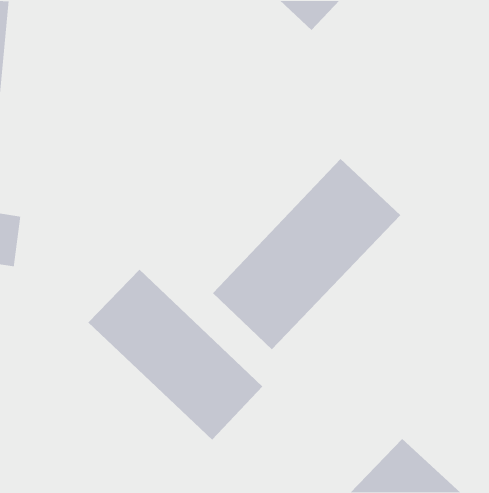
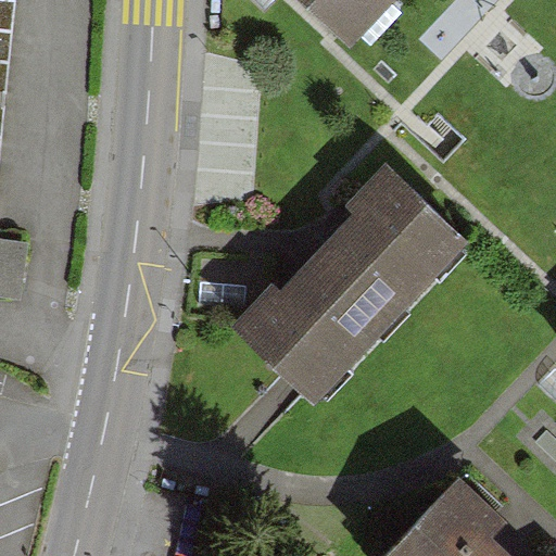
building: [87,269,263,440] -> none

